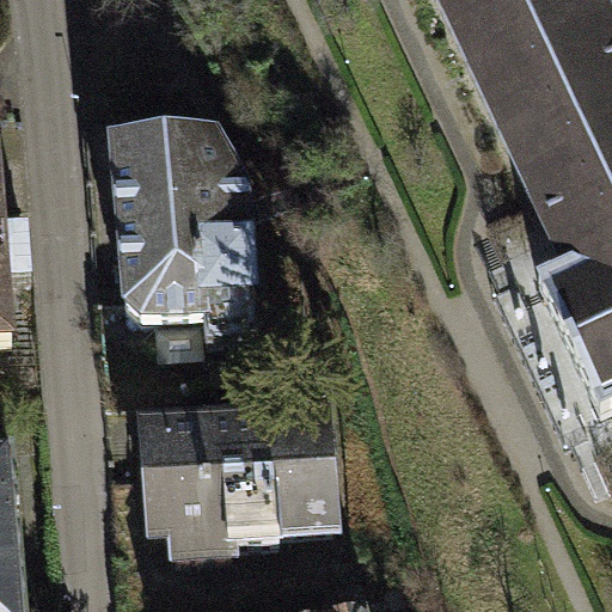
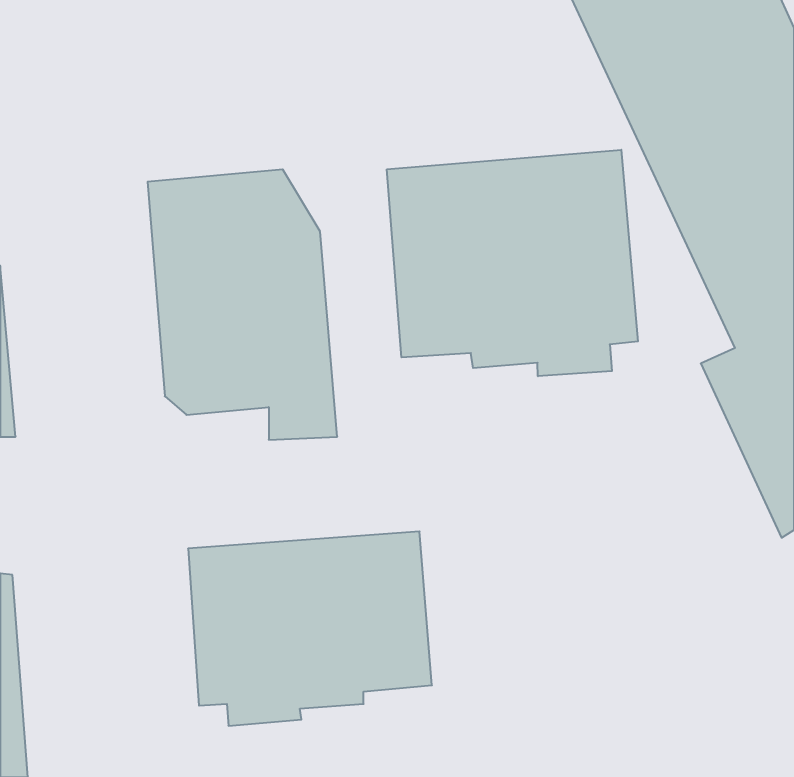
building: none -> [387,150,638,376]

